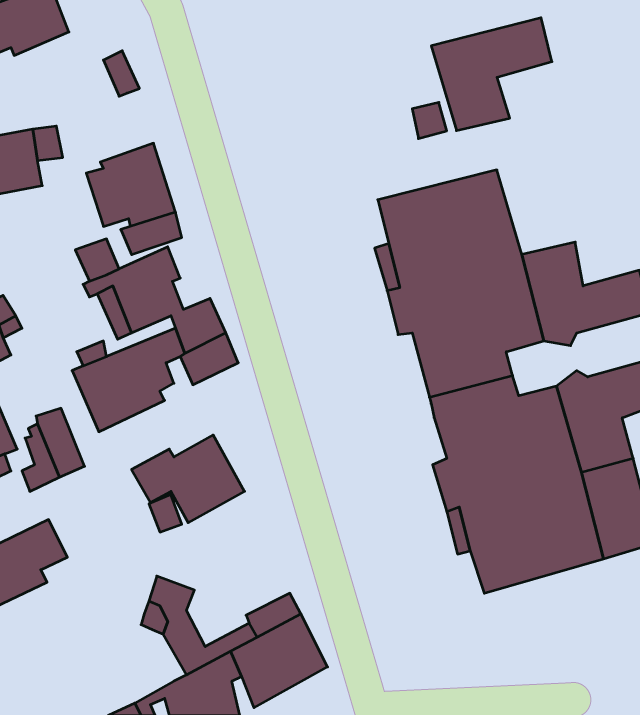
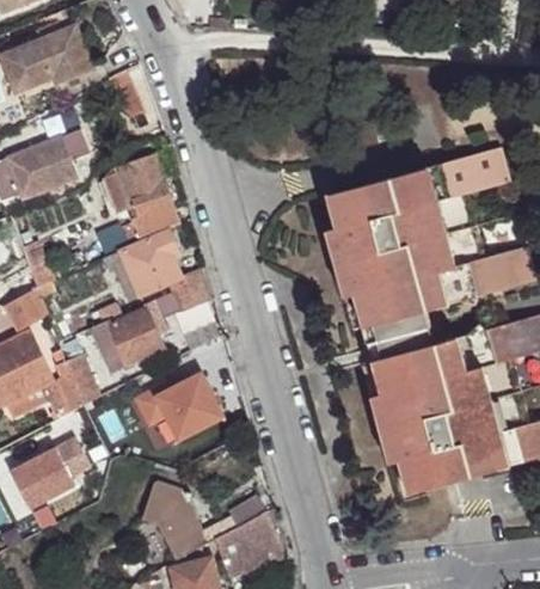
building: [431,18,552,131] -> [417,151,509,237]

